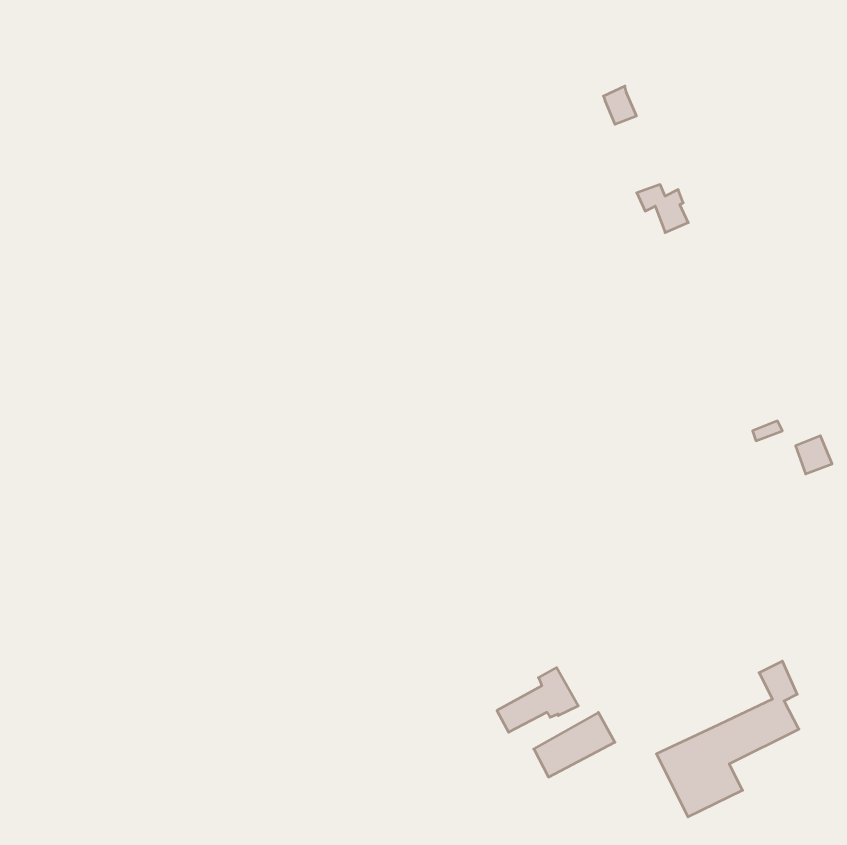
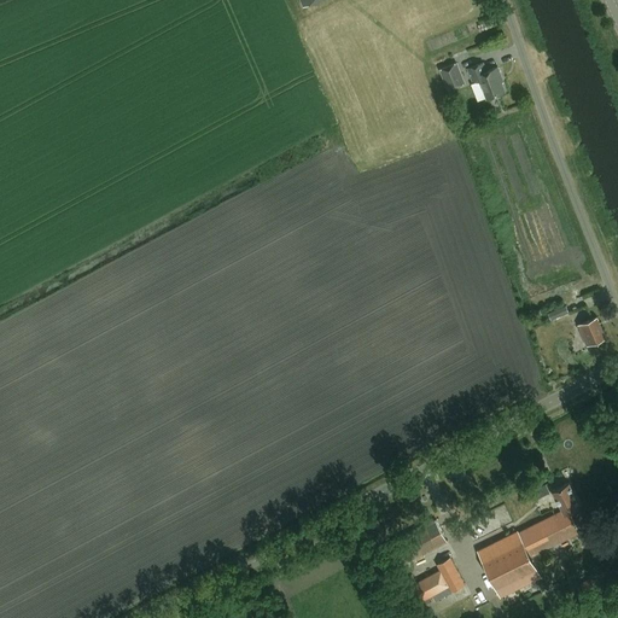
building: [637,185,688,233] -> [466,66,503,101]
building: [497,668,578,732] -> [407,559,466,606]

